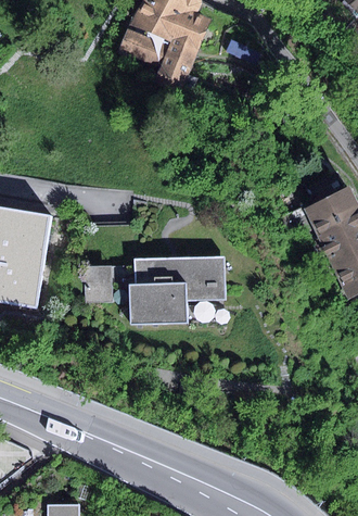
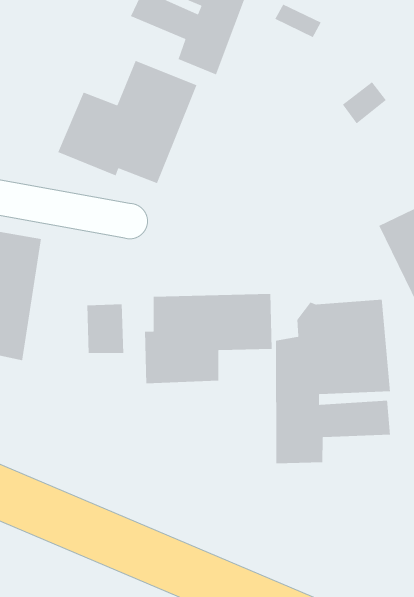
building: none -> [57,60,197,184]
building: none -> [275,299,391,464]

